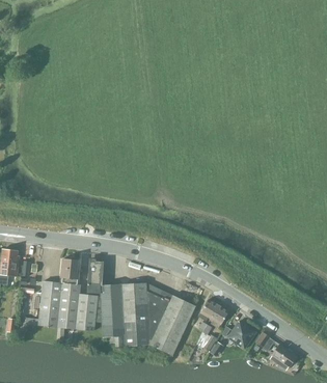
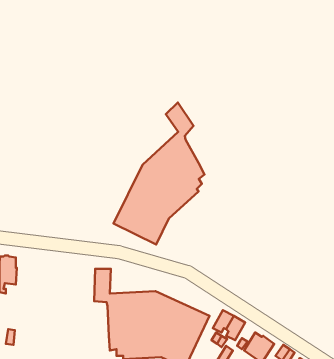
building: none -> [114,102,204,245]
building: [38,258,102,330] -> none

